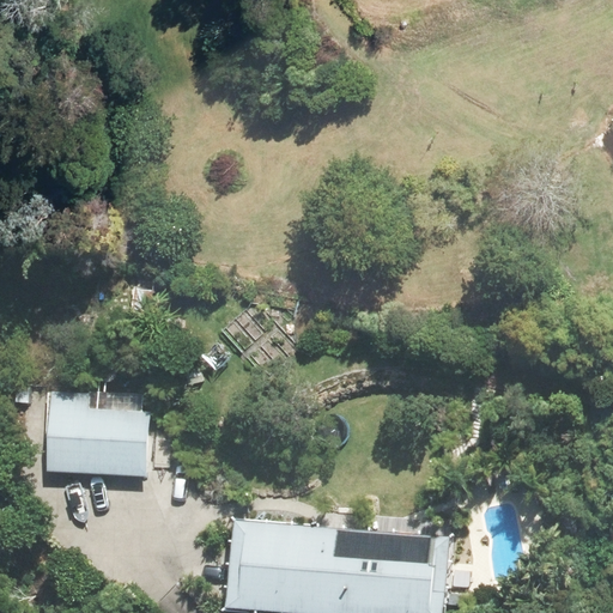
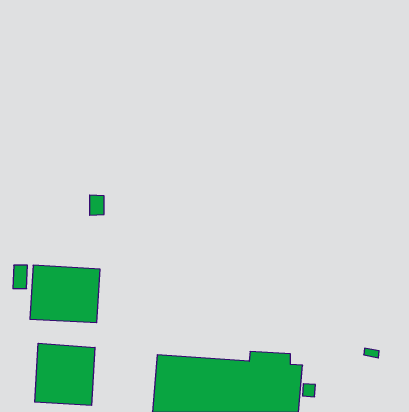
building: none -> [35,343,95,405]

